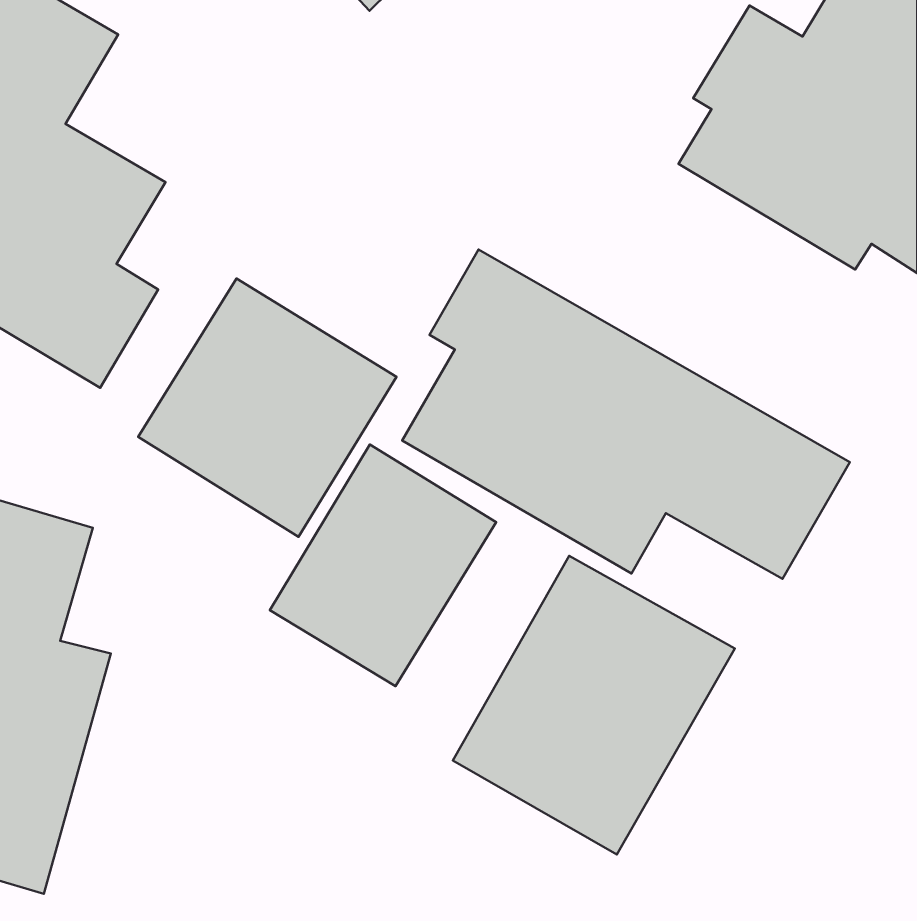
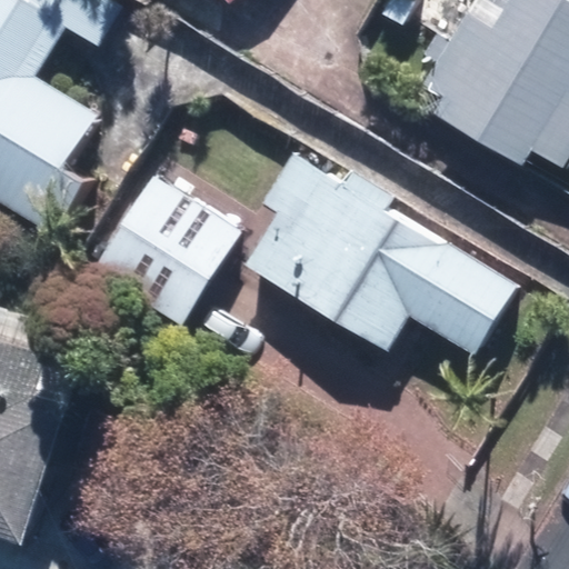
building: [270,445,496,686] -> none
building: [453,556,735,855] -> none

